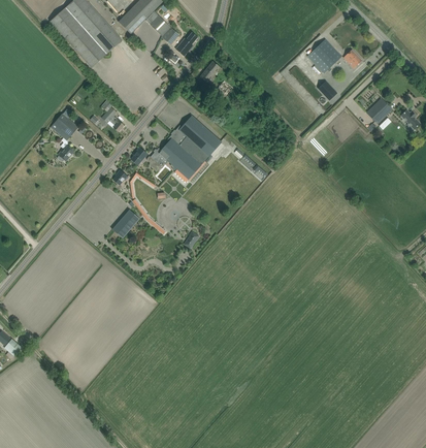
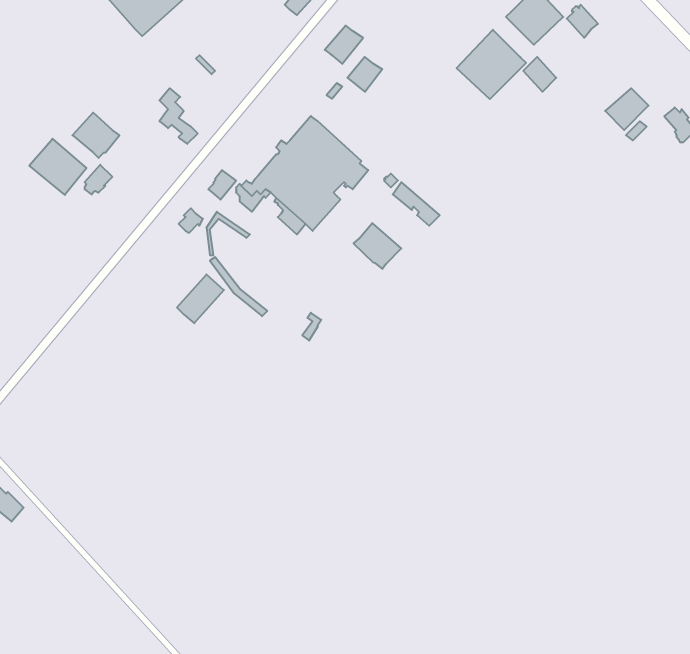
building: none -> [457,30,526,99]
building: none -> [29,139,86,195]
building: none -> [354,223,401,269]

